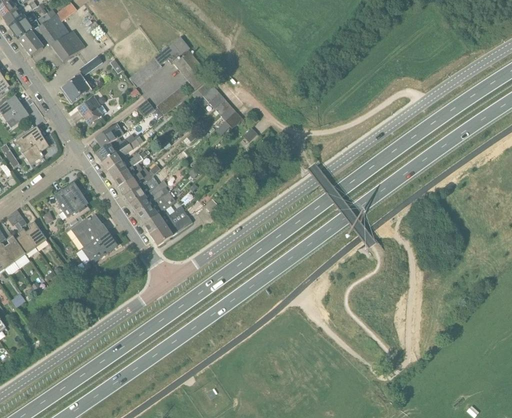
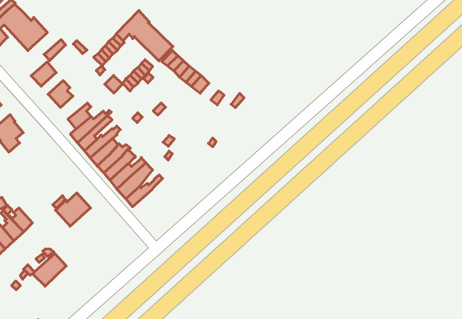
building: [54,183,86,215] -> none
building: [149,210,191,246] -> none
building: [81,231,116,263] -> [33,254,66,286]

